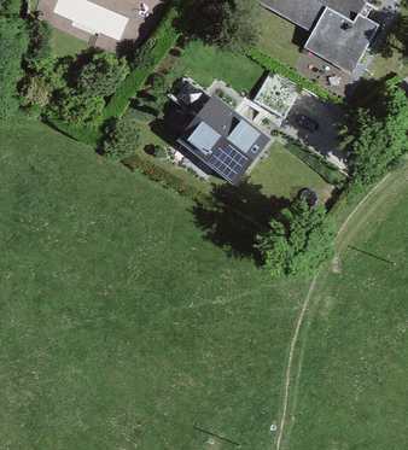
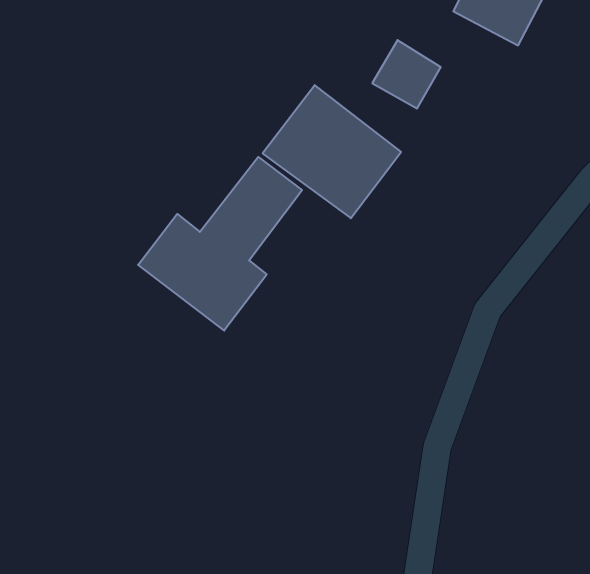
building: none -> [138,157,302,331]

